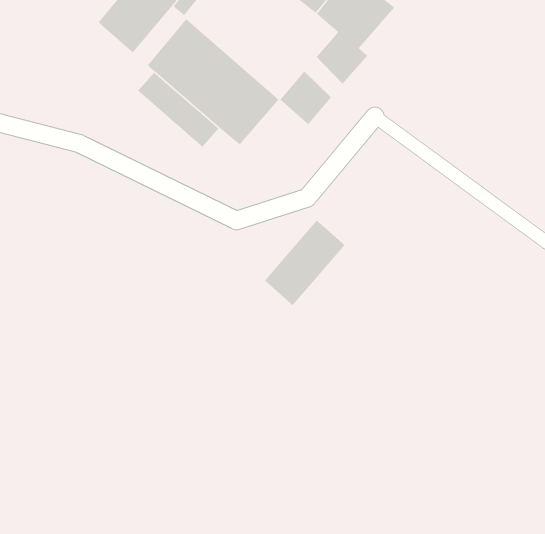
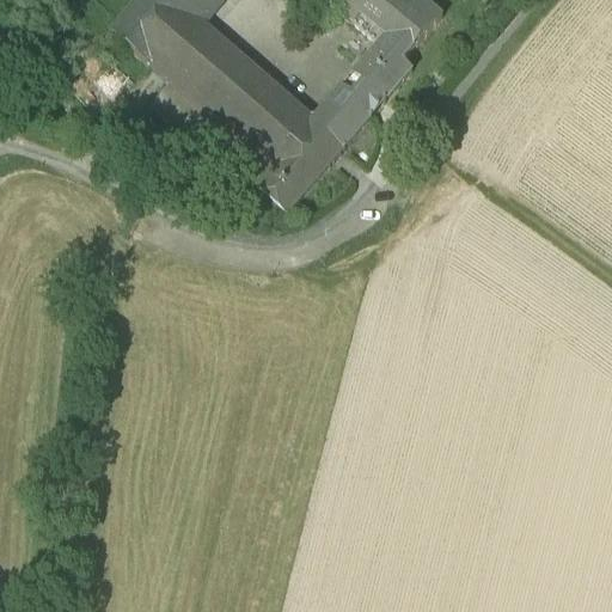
building: none -> [151,7,210,73]
building: none -> [342,63,385,109]
building: [264,219,345,306] -> [256,111,347,208]

